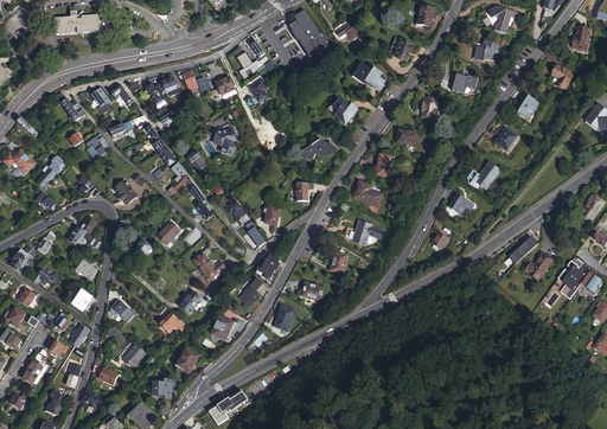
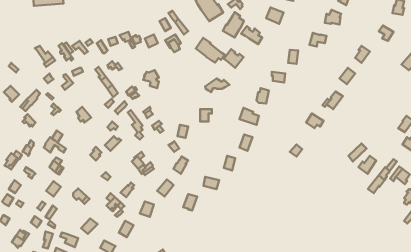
building: none -> [223,12,244,38]
building: none -> [196,38,225,63]

